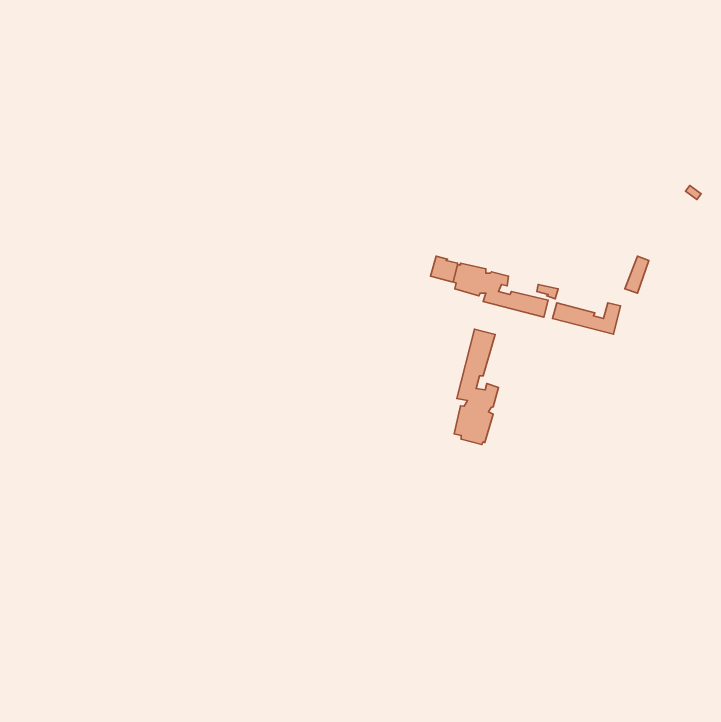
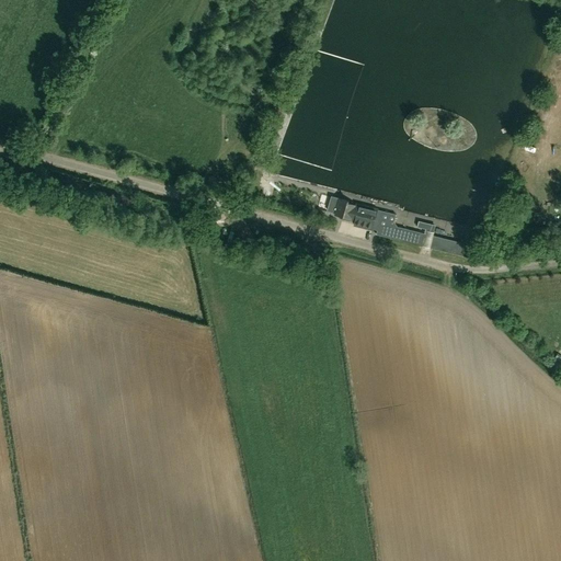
building: [454,329,498,445] -> none

